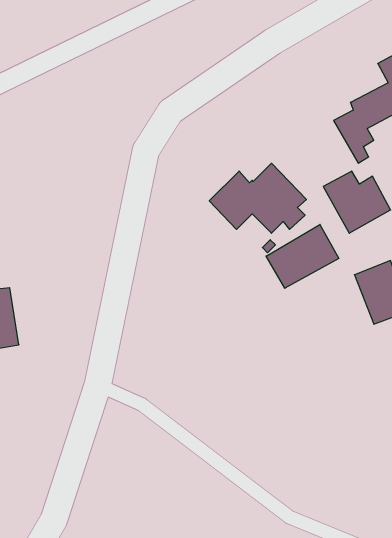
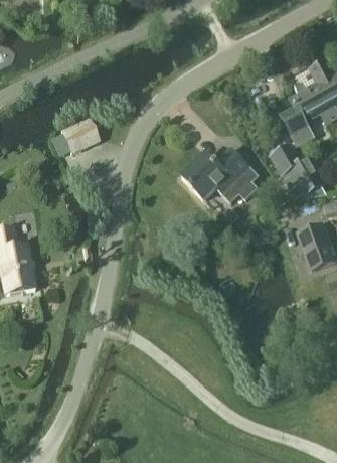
building: none -> [63,119,100,151]
building: [266,224,339,288] -> none

